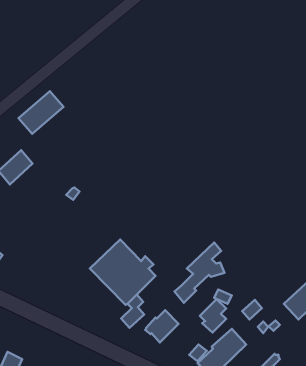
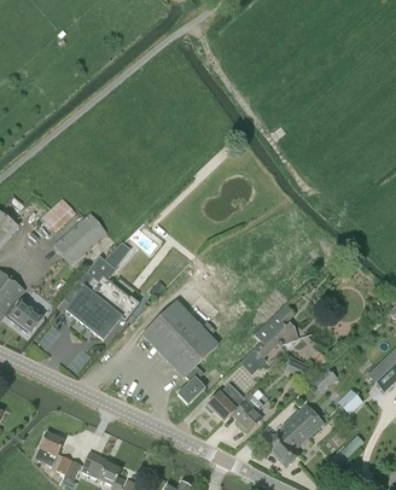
building: [19,91,63,134] -> [54,214,106,263]
building: none -> [66,256,139,339]
building: [200,299,226,332] -> [233,393,263,432]

